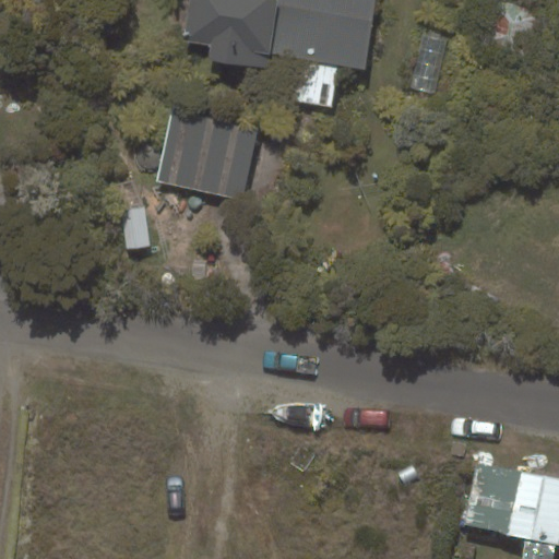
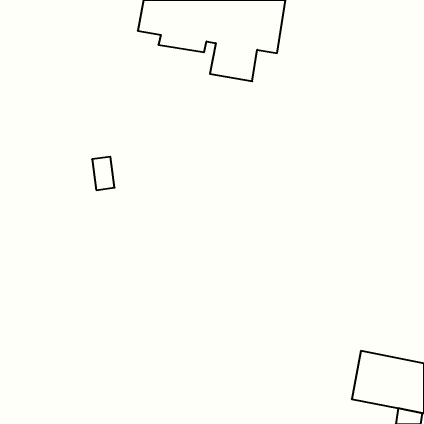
building: [156,108,260,201] -> none

